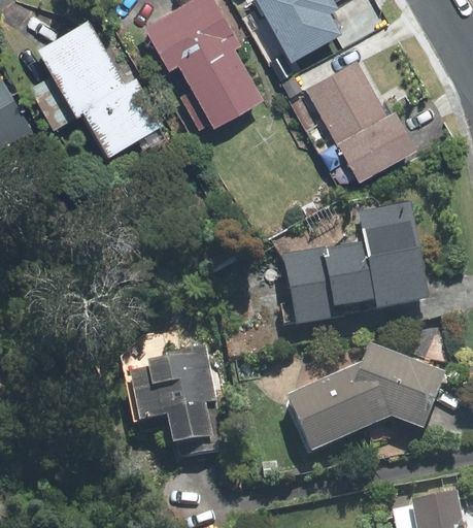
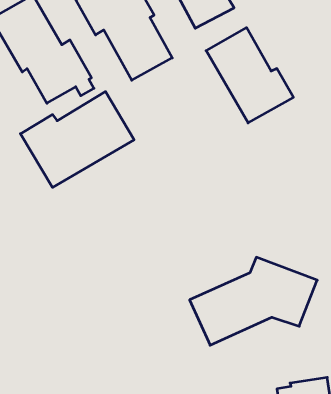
building: none -> [20,92,134,187]
building: [280,205,426,327] -> none
building: [127,344,217,446] -> none

